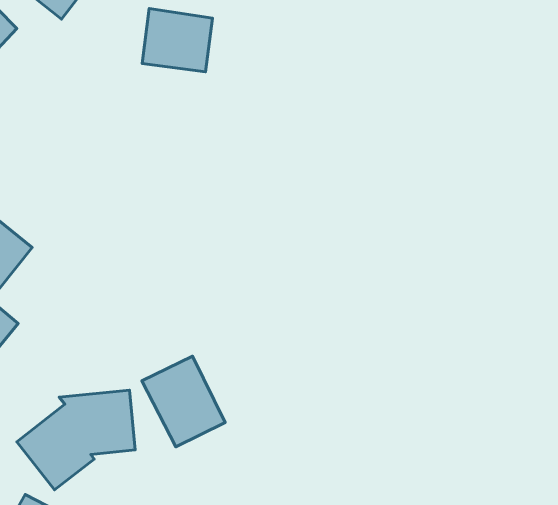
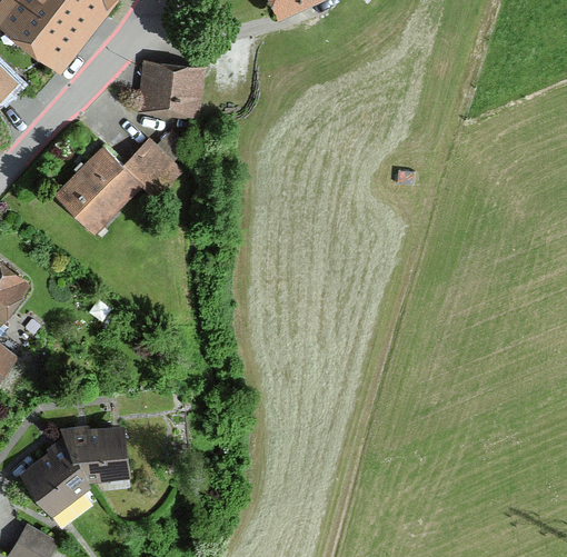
building: none -> [54,139,181,236]
building: [142,356,225,447] -> none

